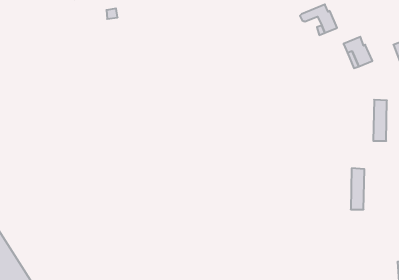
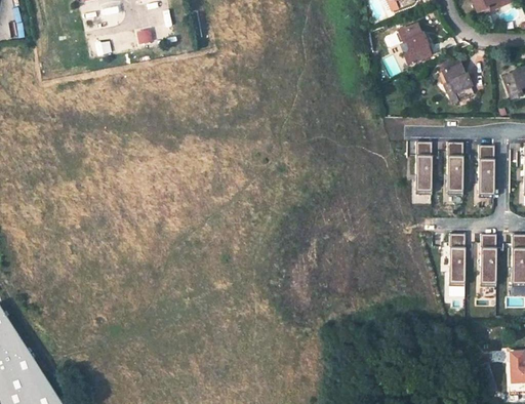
building: none -> [415,142,434,194]
building: none -> [446,143,465,195]
building: none -> [480,234,497,286]

